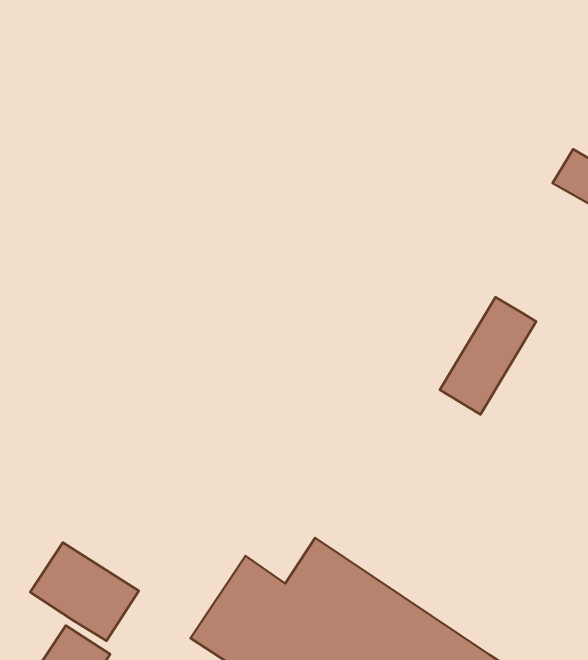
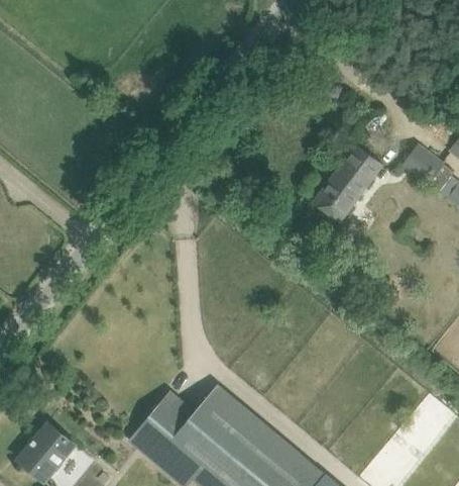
building: [440,297,536,414] -> [314,147,382,223]
building: [30,542,139,641] -> none

